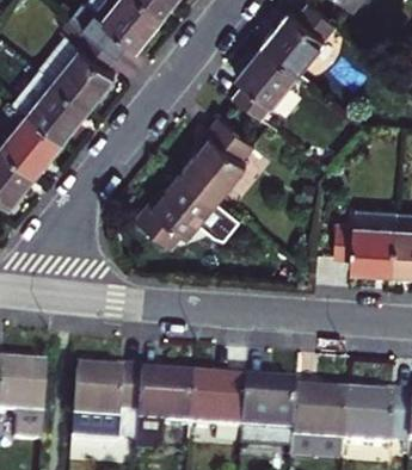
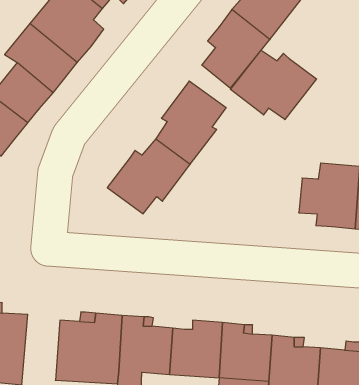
building: none -> [230,50,317,120]

